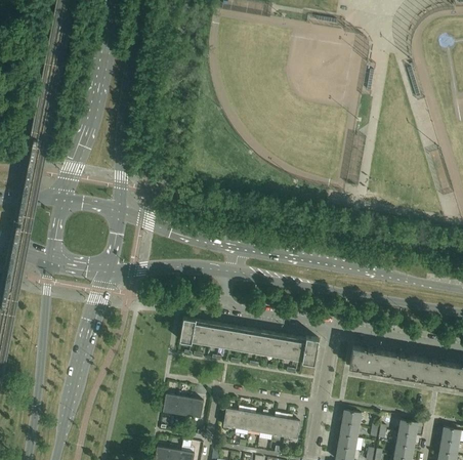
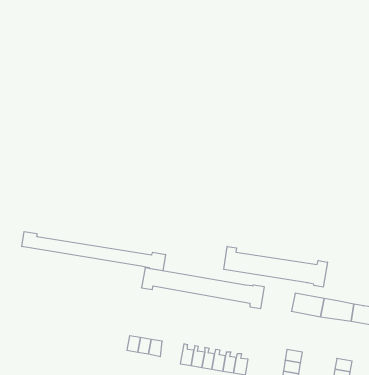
building: none -> [22,232,166,271]
building: none -> [224,246,327,287]

